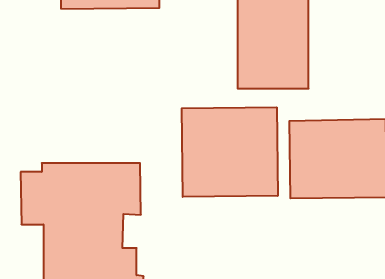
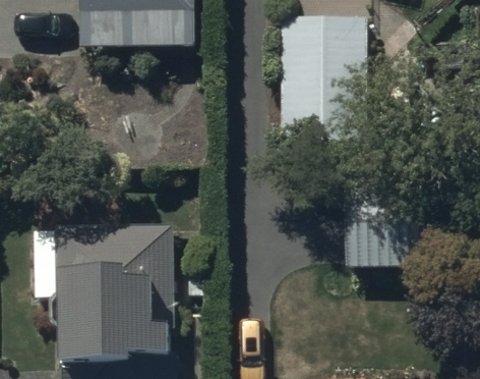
building: [182,107,278,197] -> none

